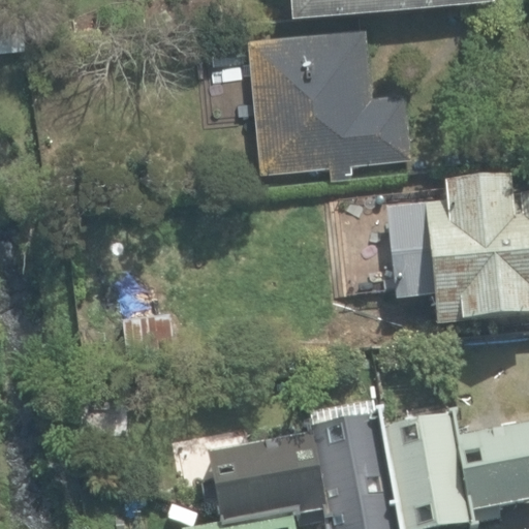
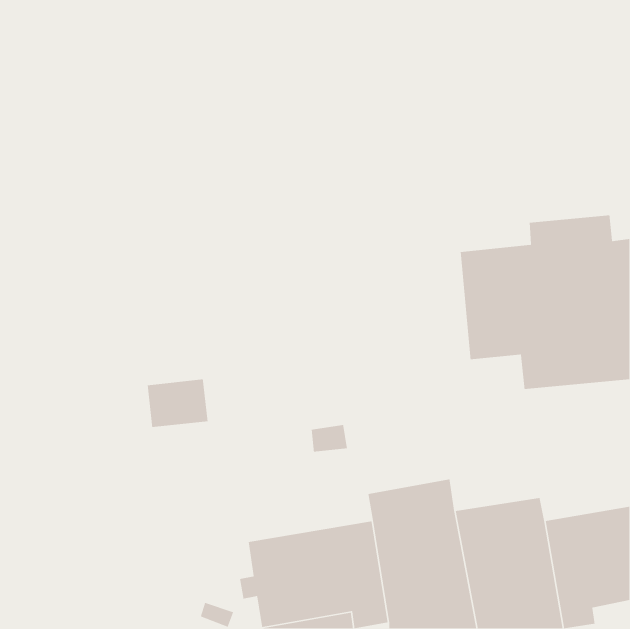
building: [247,23,411,175] -> none

